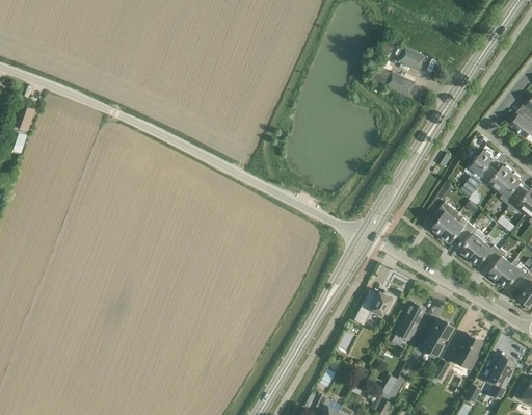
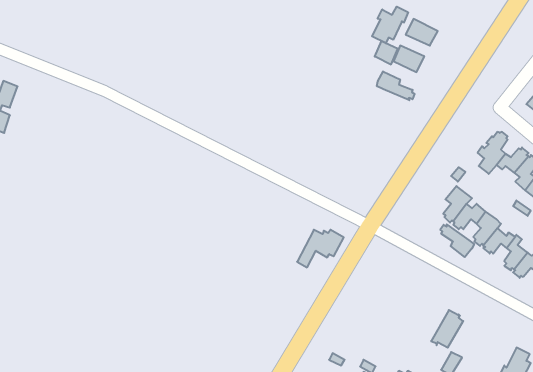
building: none -> [372,7,408,43]
building: none -> [377,71,415,100]
building: none -> [440,224,474,257]
building: [353,291,397,327] -> [297,230,344,267]
building: [395,303,425,340] -> none
building: [450,334,482,370] -> none

